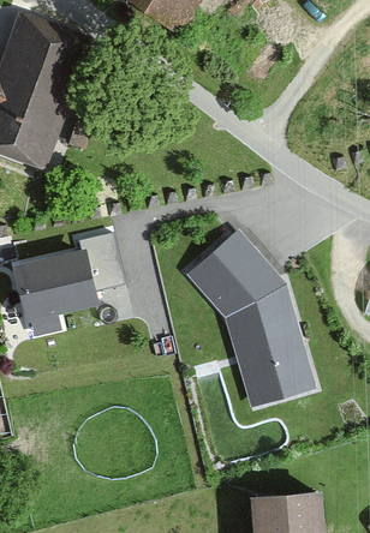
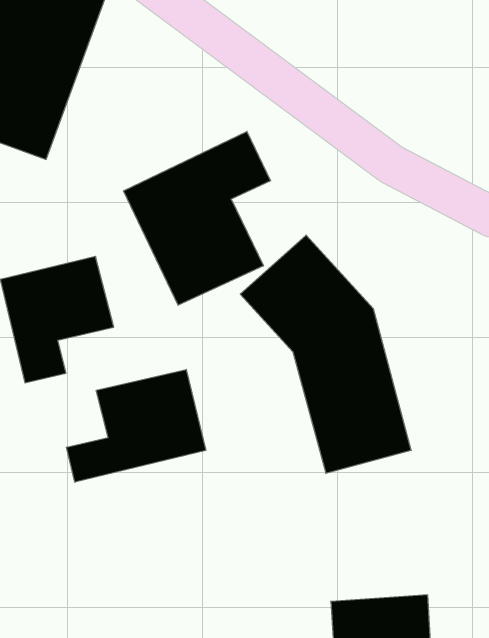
building: none -> [123,131,271,305]
building: none -> [66,369,206,482]

